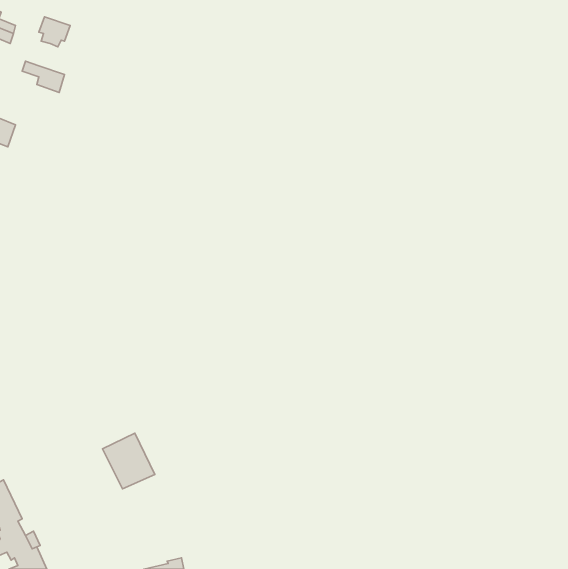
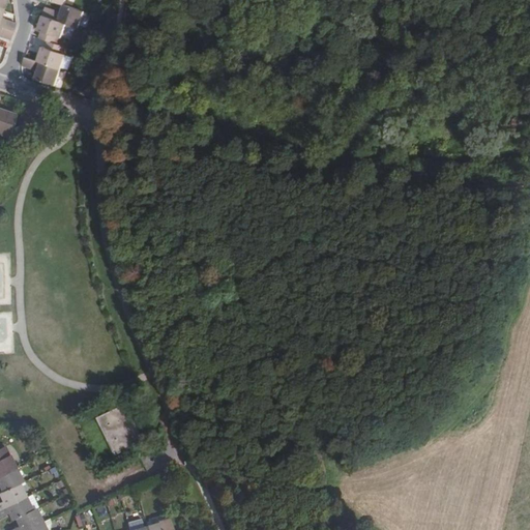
building: none -> [41,5,83,28]
building: none -> [36,40,65,69]

